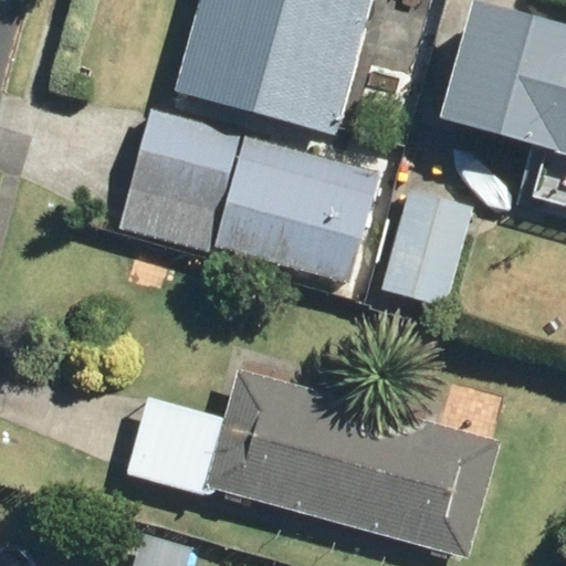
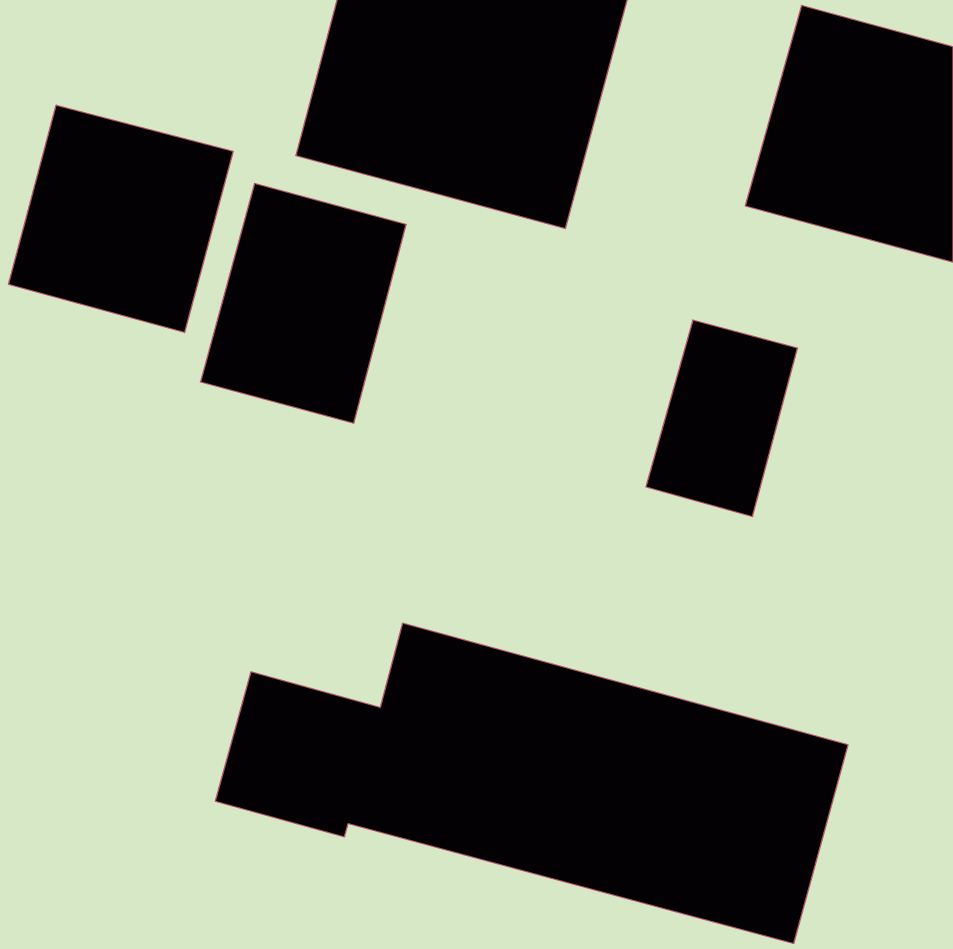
building: none -> [9,105,233,333]
building: [213,135,379,282] -> none

